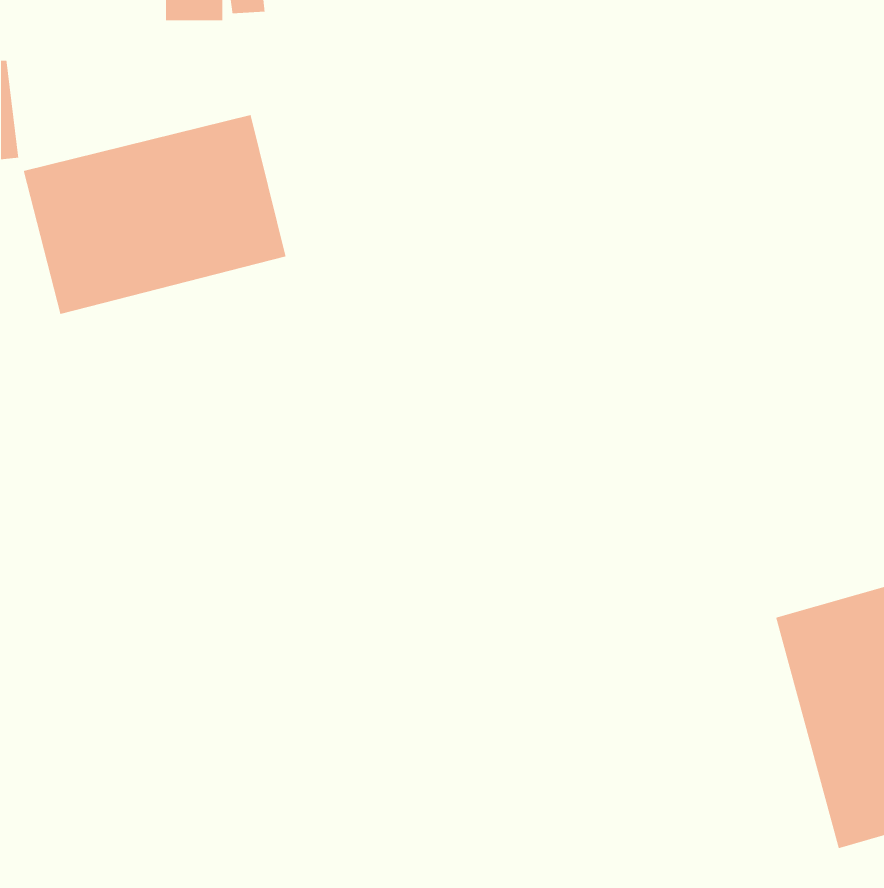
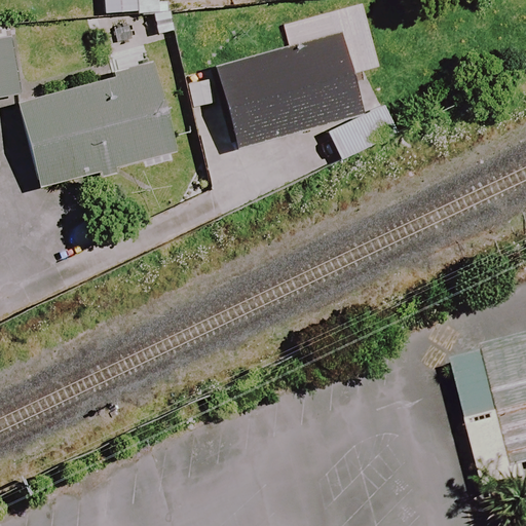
building: none -> [188,38,362,139]

